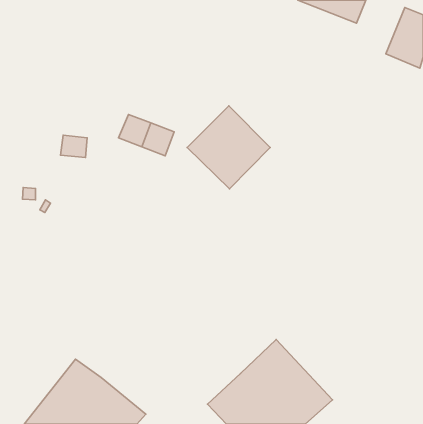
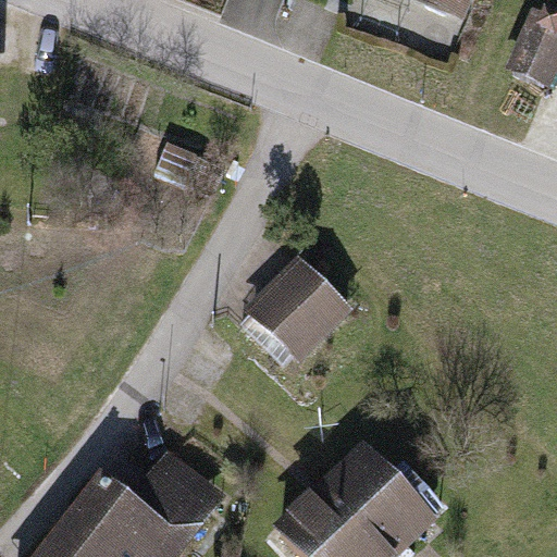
building: [187,106,270,189] -> [244,258,352,367]
building: none -> [133,453,226,543]

